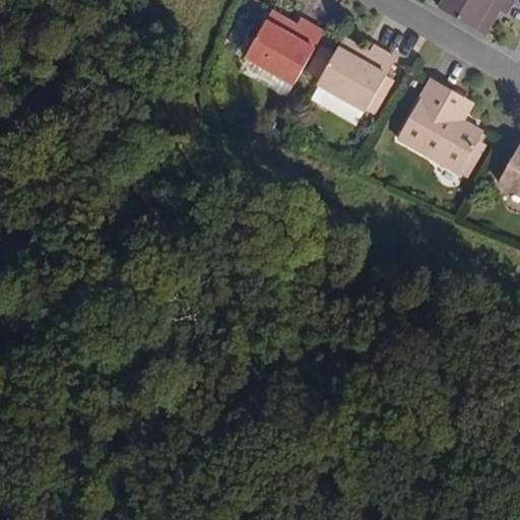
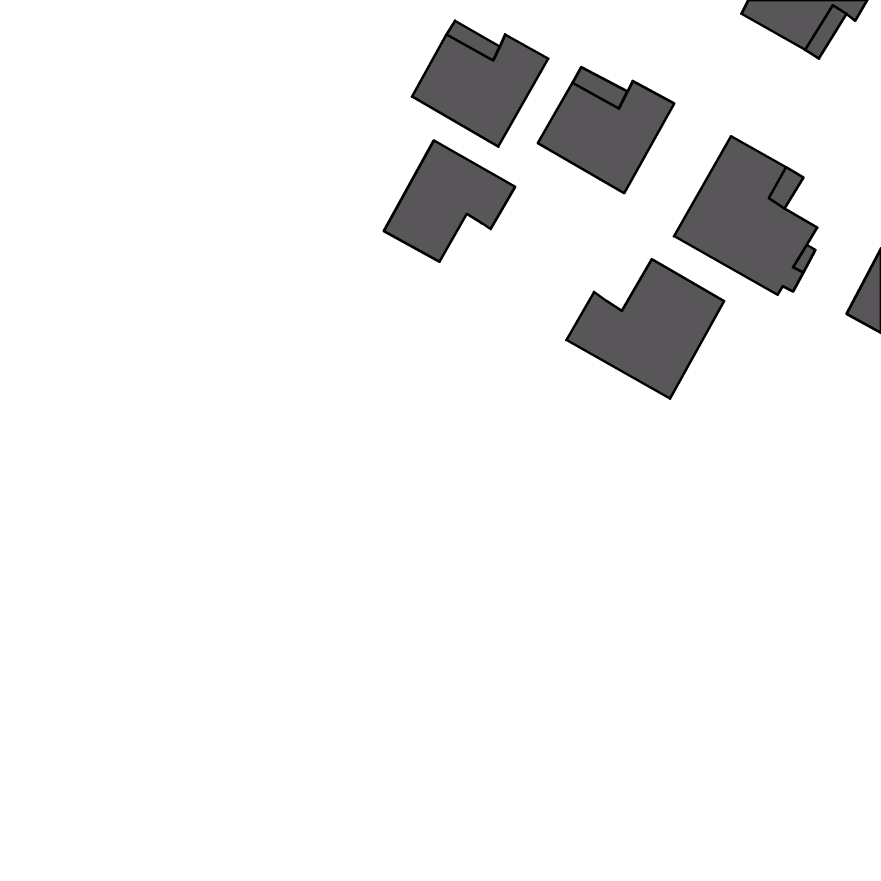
building: none -> [384,141,515,262]
building: none -> [566,259,724,399]

